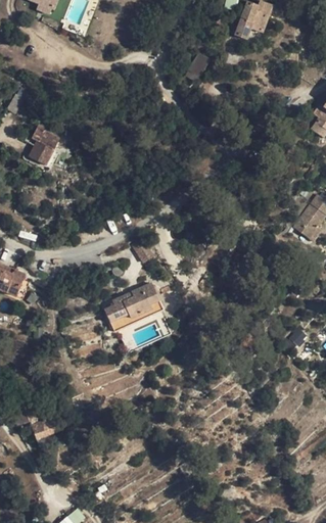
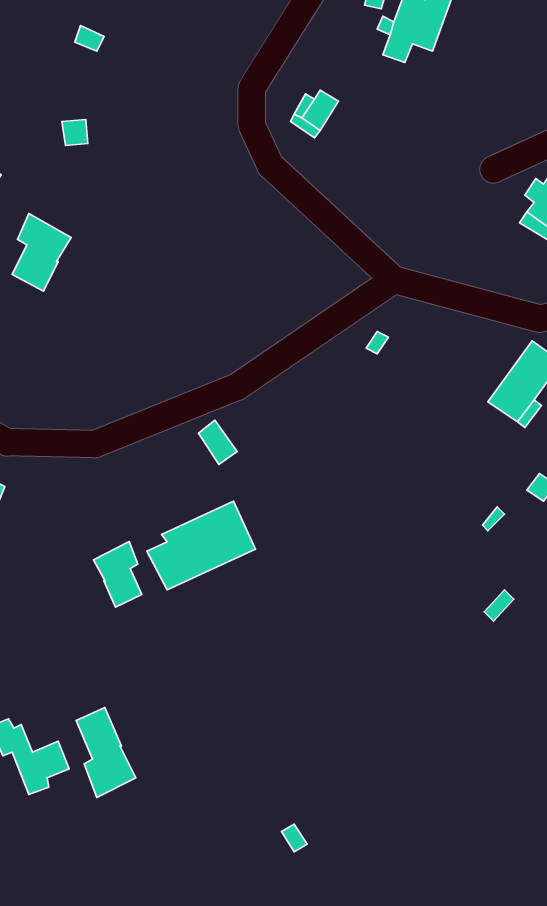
building: none -> [94,541,142,607]
building: none -> [76,707,136,798]

